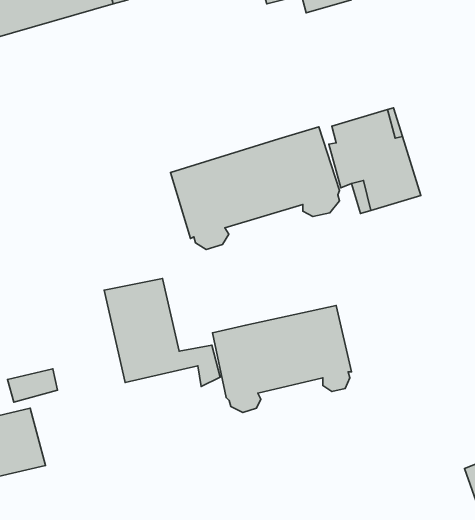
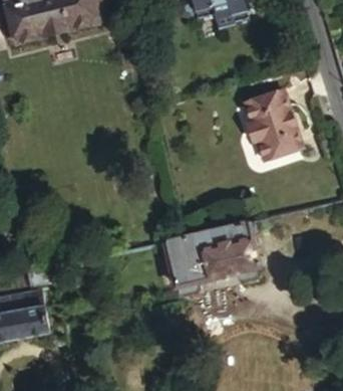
building: [171,127,340,250] -> none
building: [104,279,220,386] -> none

